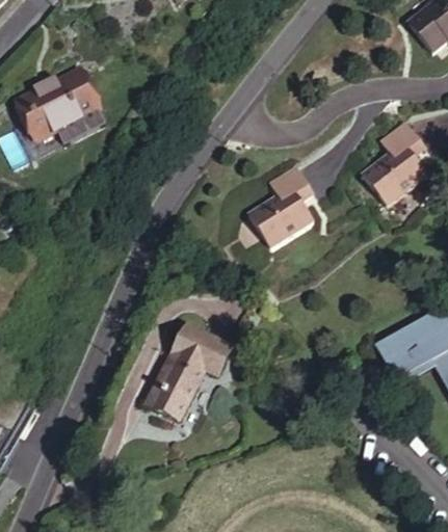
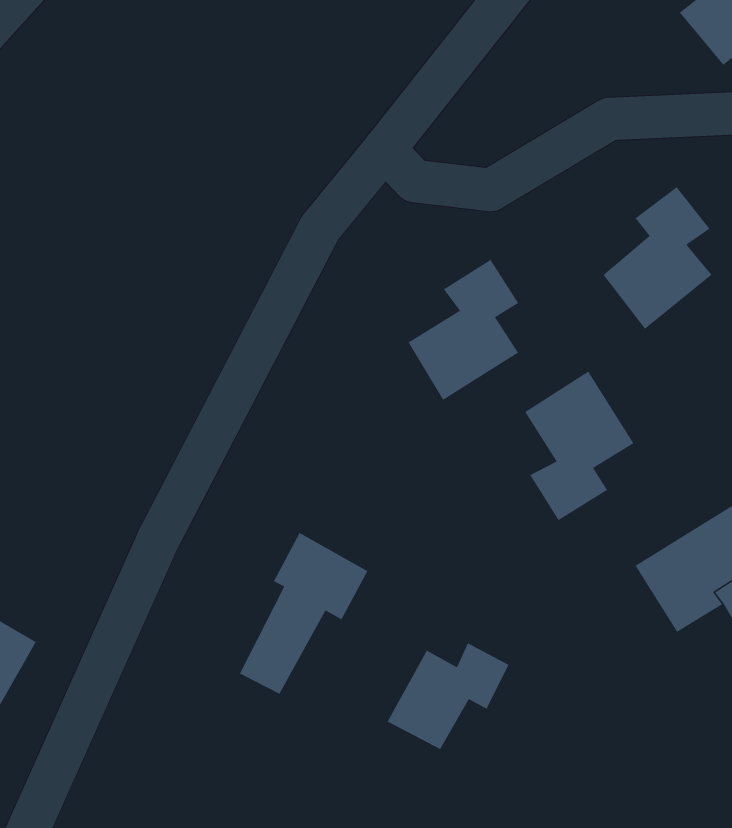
building: [17,70,94,138] -> none
building: none -> [524,370,635,521]
building: none -> [386,642,510,750]

